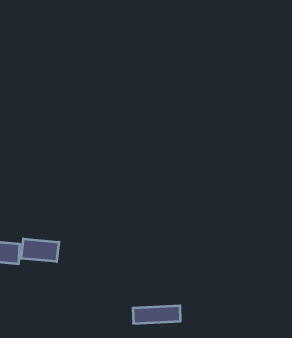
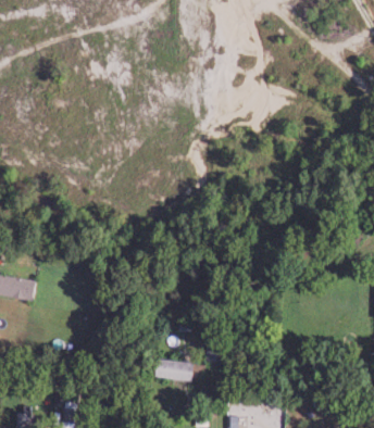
building: [21,239,59,262] -> none

